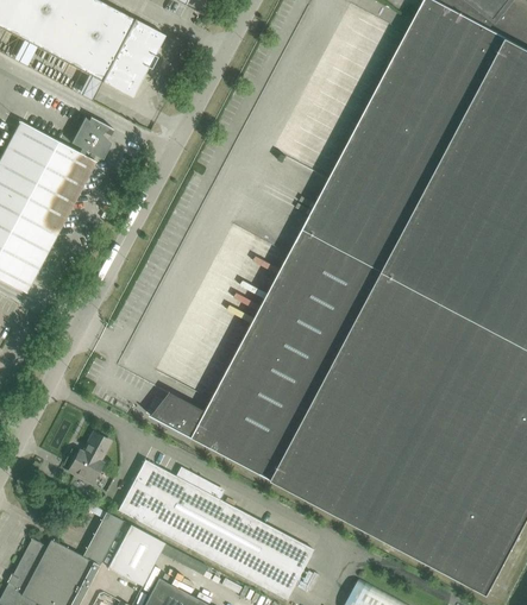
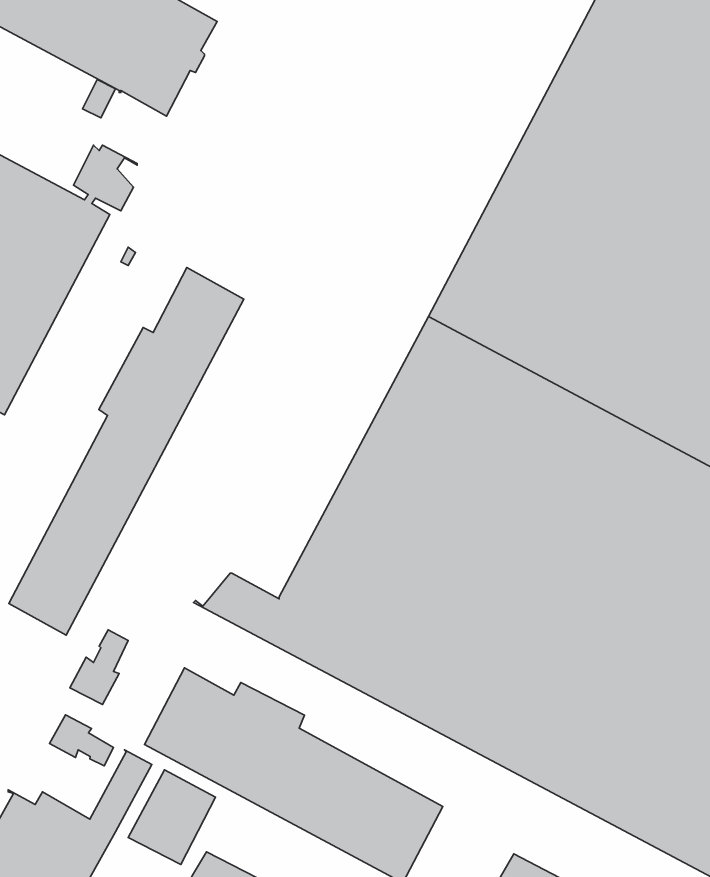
building: none -> [9,268,244,635]
building: none -> [49,715,113,766]

